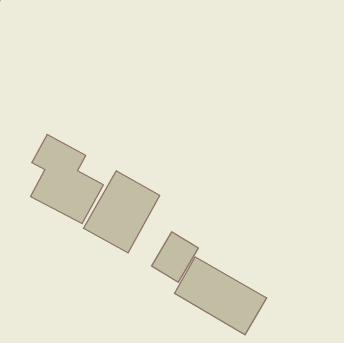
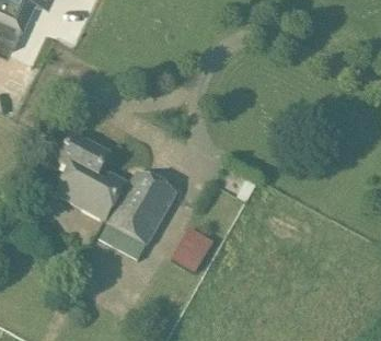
building: [174,257,267,335] -> none

